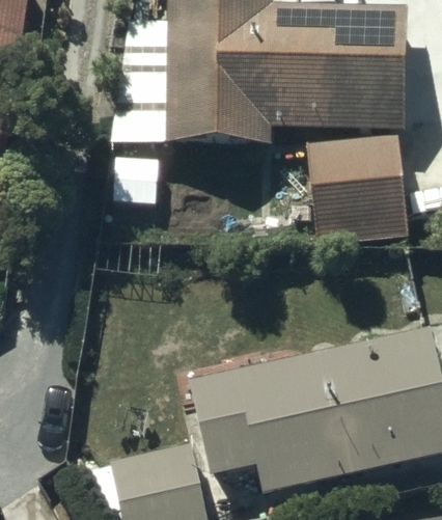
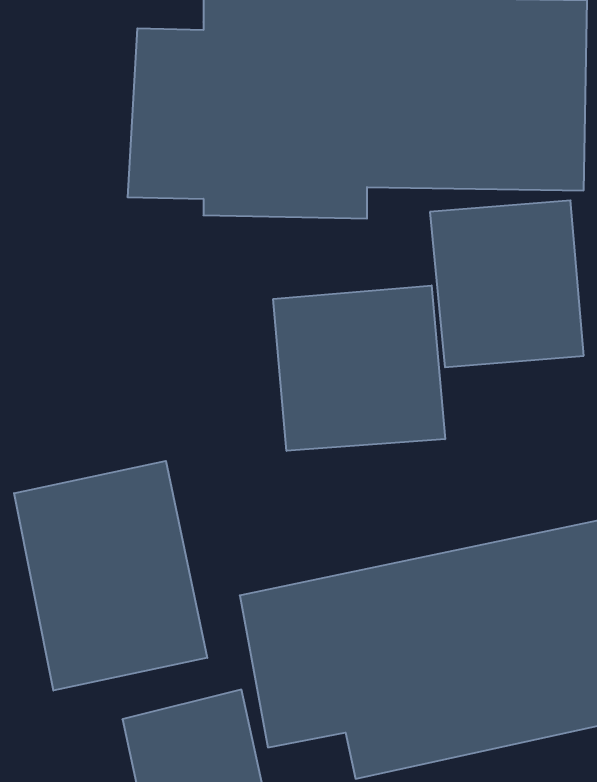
building: none -> [273,285,445,451]
building: none -> [14,461,207,691]

